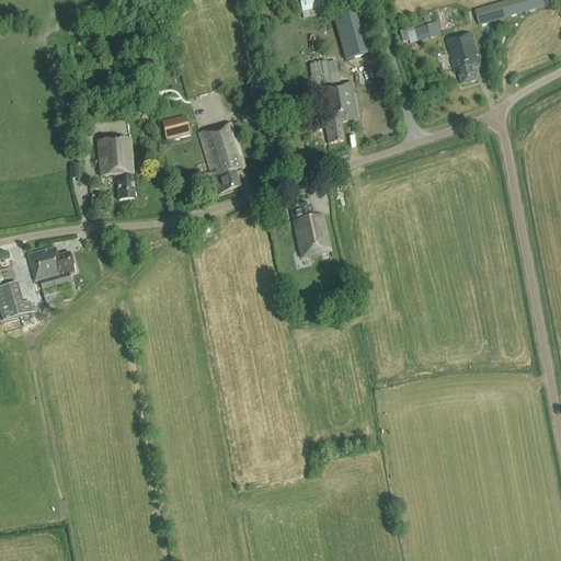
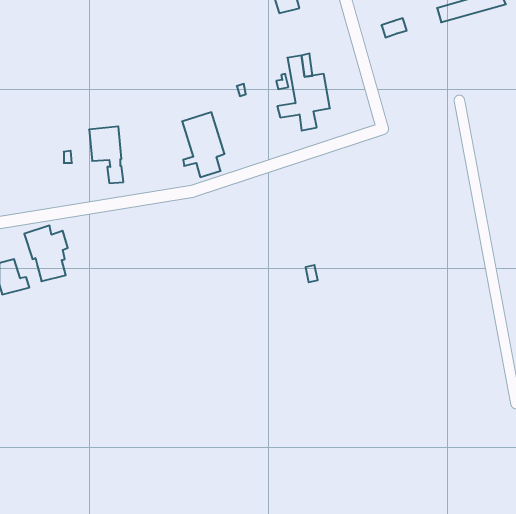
building: [332,9,371,58] -> none
building: [445,32,480,84] -> none
building: [159,114,188,138] -> none
building: [290,204,329,255] -> none

